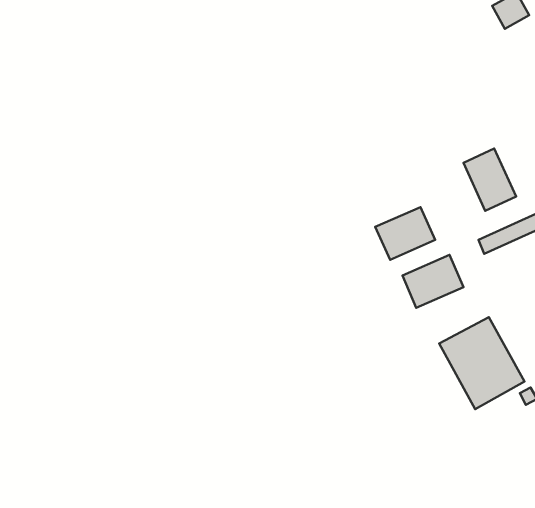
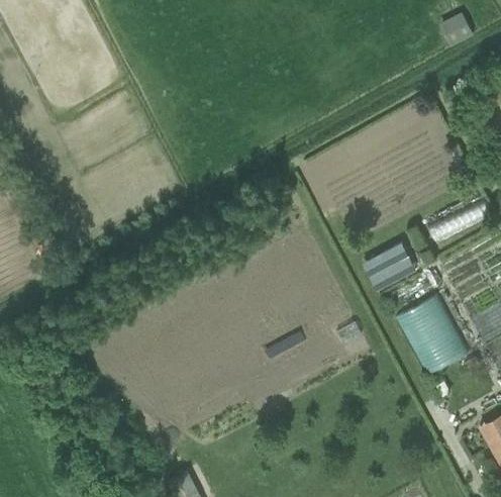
building: [463,148,516,211] -> none
building: [375,207,435,260] -> none

